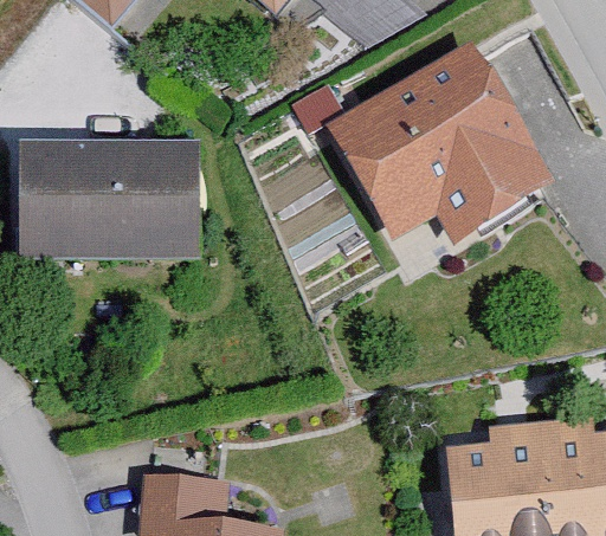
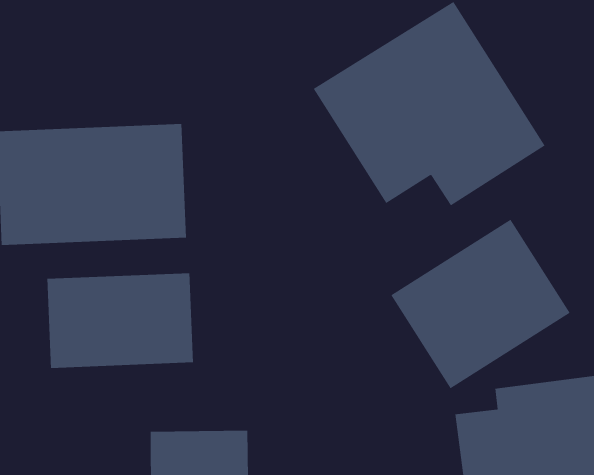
building: none -> [391,219,570,389]
building: none -> [47,272,194,369]

